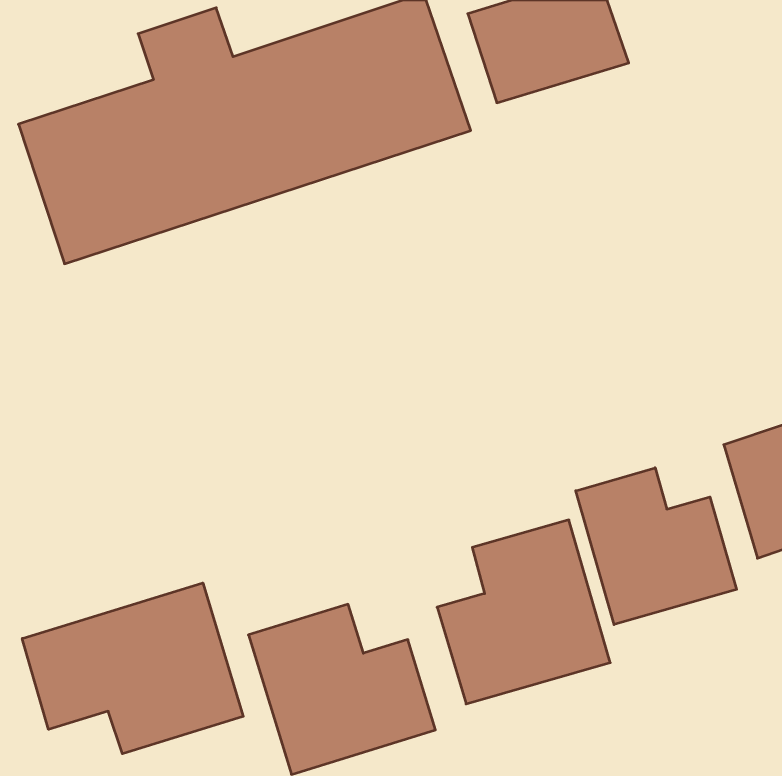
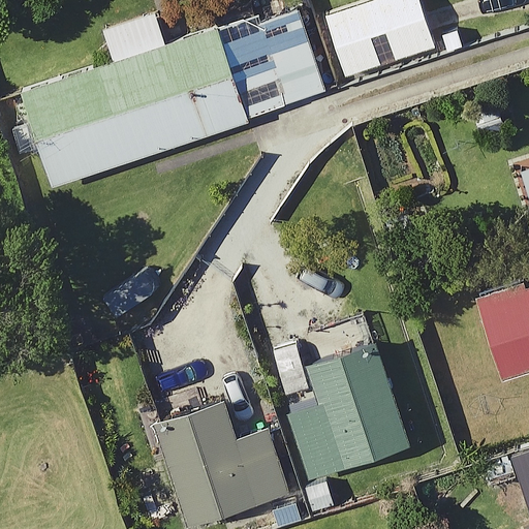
building: [576,468,737,625] -> none
building: [22,583,243,754] -> none

